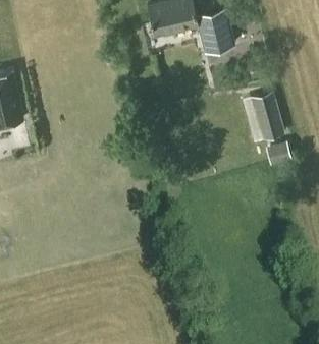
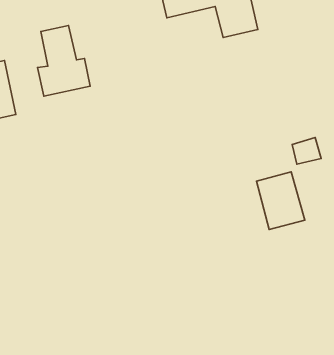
building: none -> [38,26,90,96]
building: [243,93,285,144] -> [257,172,305,229]

